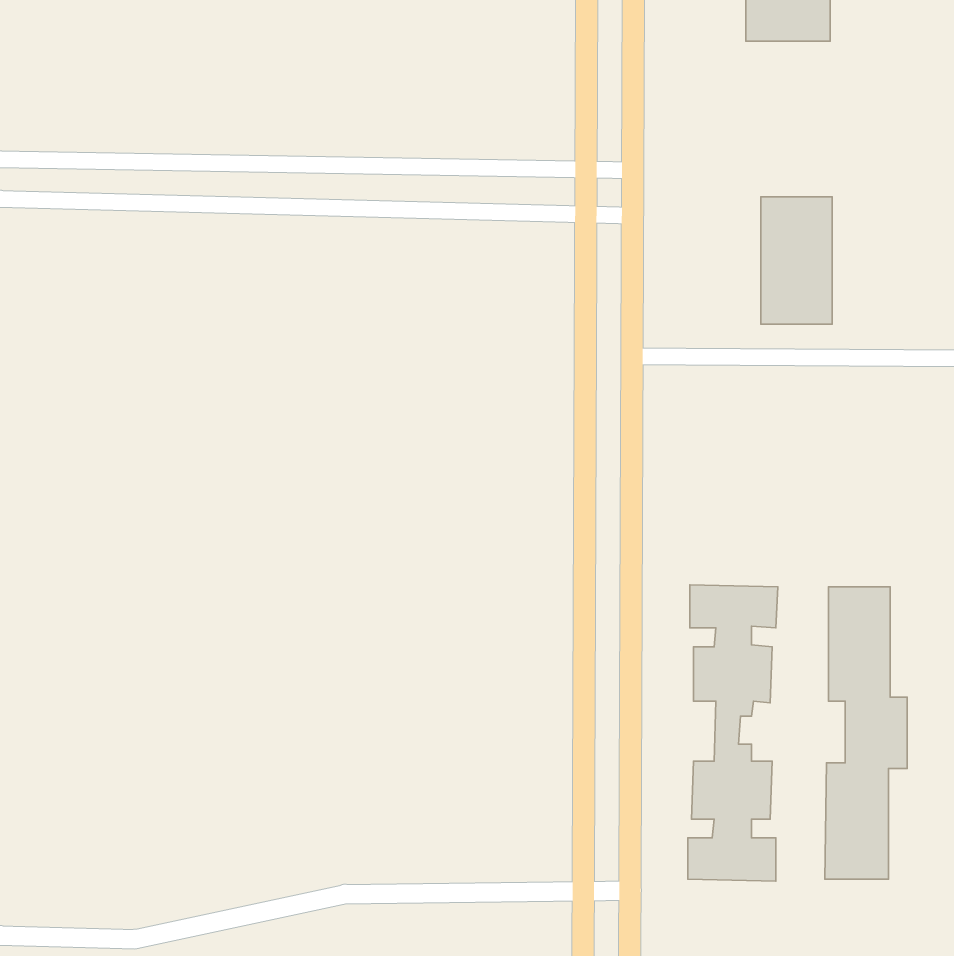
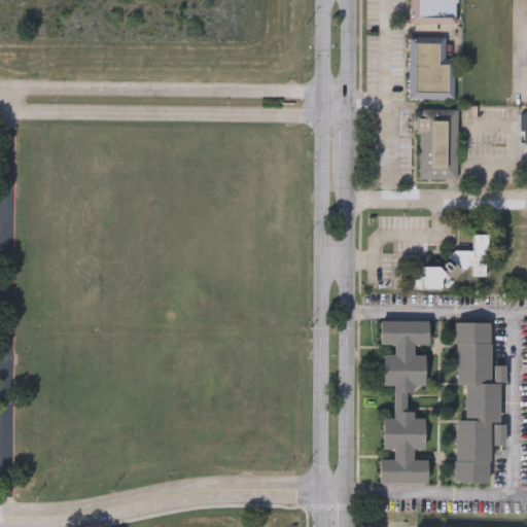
building: none -> [410,35,457,98]
building: none -> [416,233,488,286]

